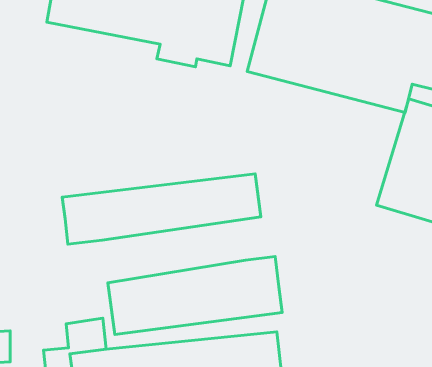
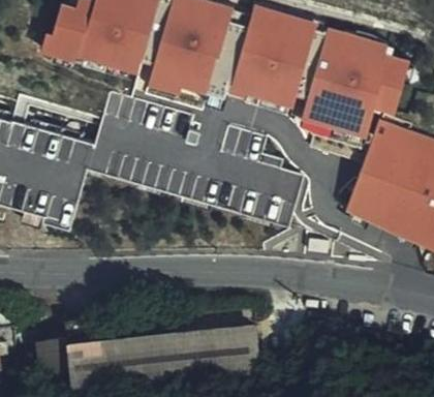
building: [62,174,261,244] -> none
building: [108,256,282,334] -> none

